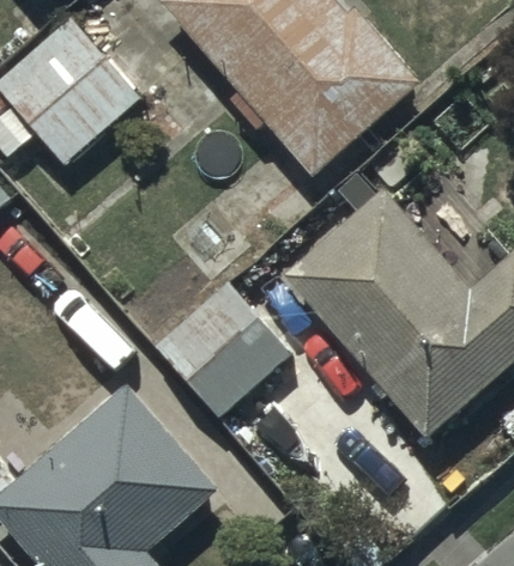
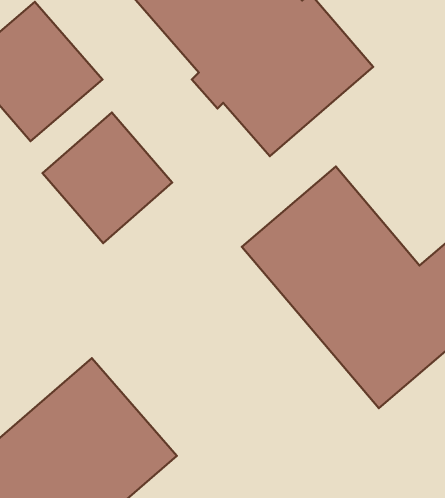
building: none -> [43,113,172,243]
building: [156,284,286,414] -> none

